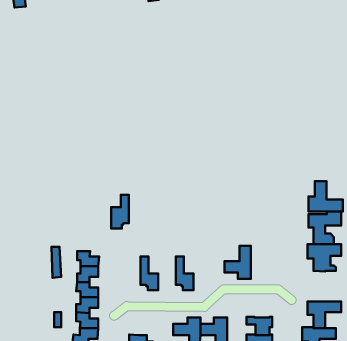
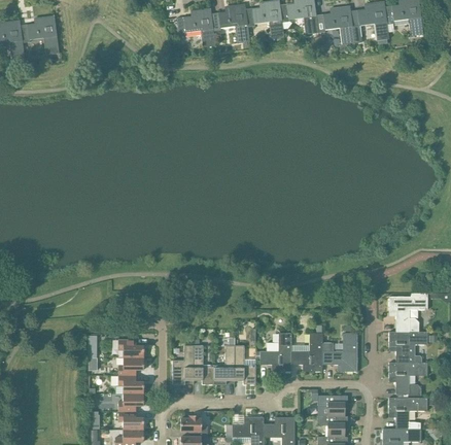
building: [309,181,343,212] -> none
building: [111,195,129,228] -> [173,345,194,384]
building: none -> [259,333,291,371]
building: none -> [322,333,357,371]
building: none -> [214,345,235,384]
building: none -> [388,362,427,396]
building: none -> [311,392,347,416]
building: none -> [180,415,207,438]

